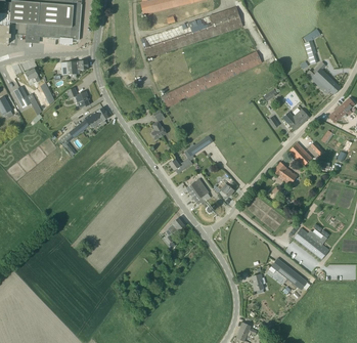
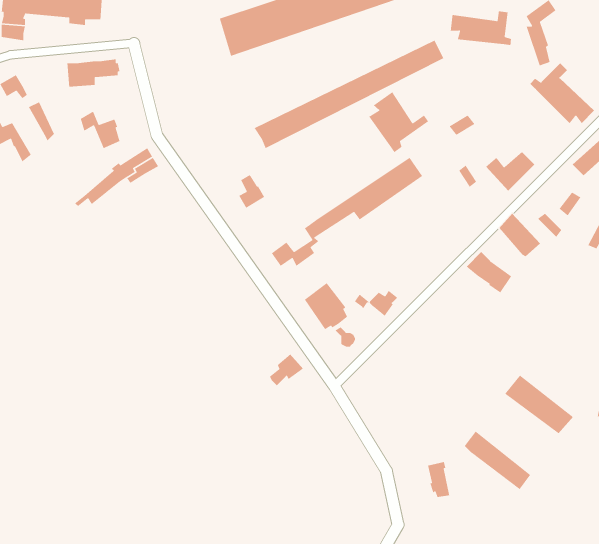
building: none -> [450,11,512,46]
building: none -> [368,91,429,153]

